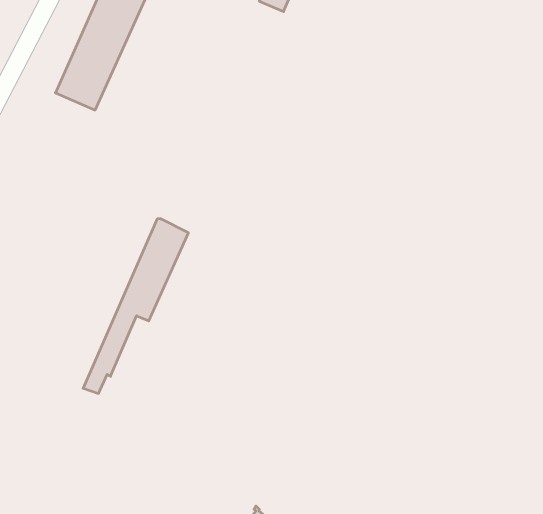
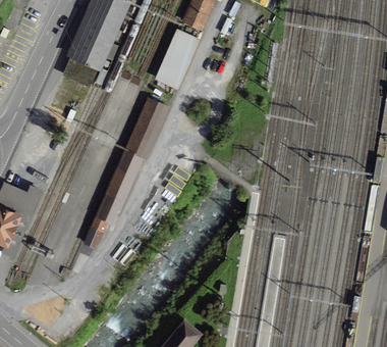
building: none -> [155,31,197,95]
building: none -> [127,100,166,157]

